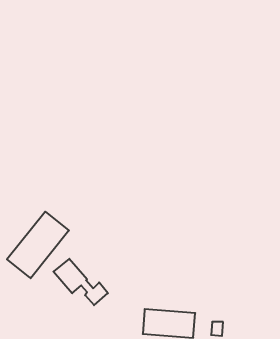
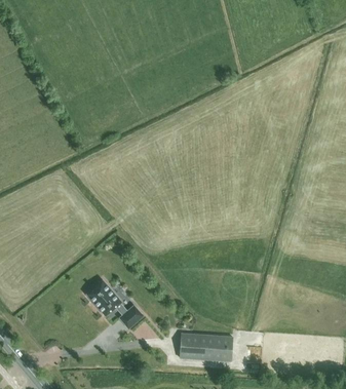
building: [7,212,69,278] -> none

